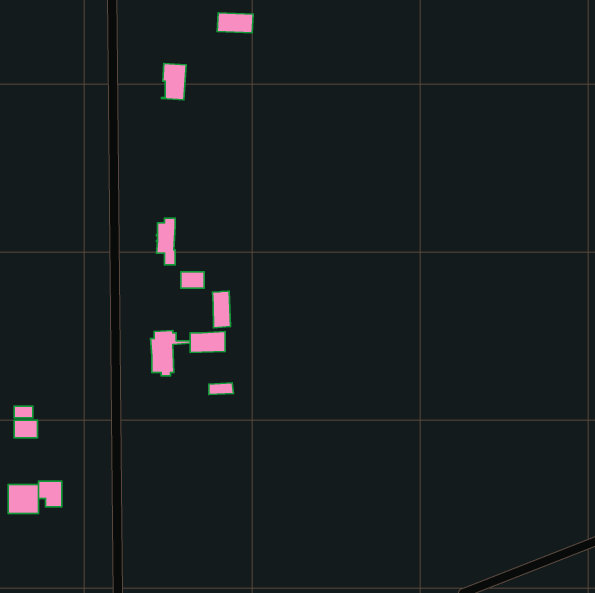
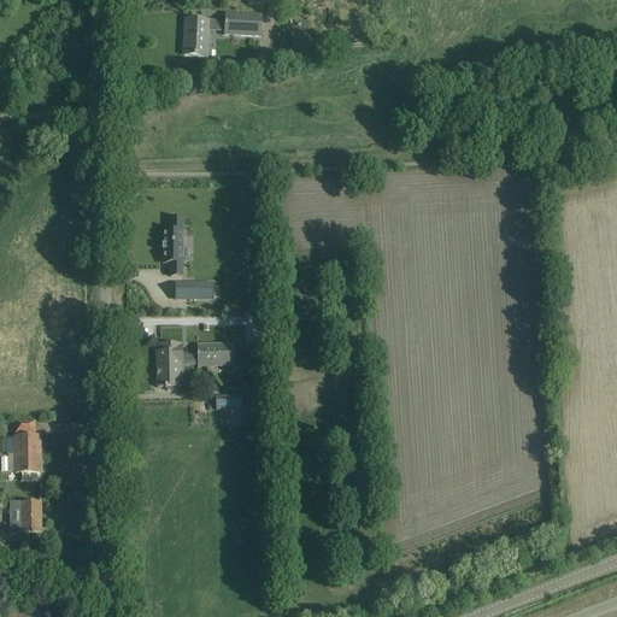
building: [162,64,186,100] -> [182,17,207,54]
building: [212,291,230,328] -> none
building: [38,481,62,507] -> [14,452,39,478]

